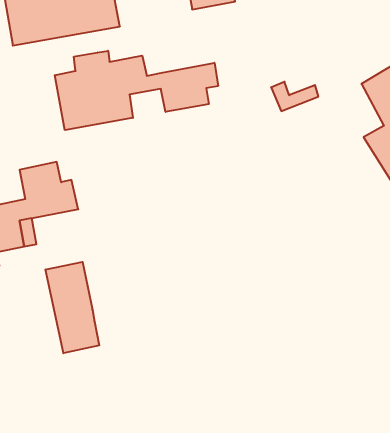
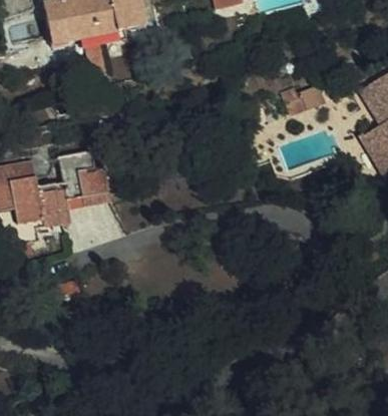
building: [55,51,218,130] -> none
building: [46,262,99,353] -> none

